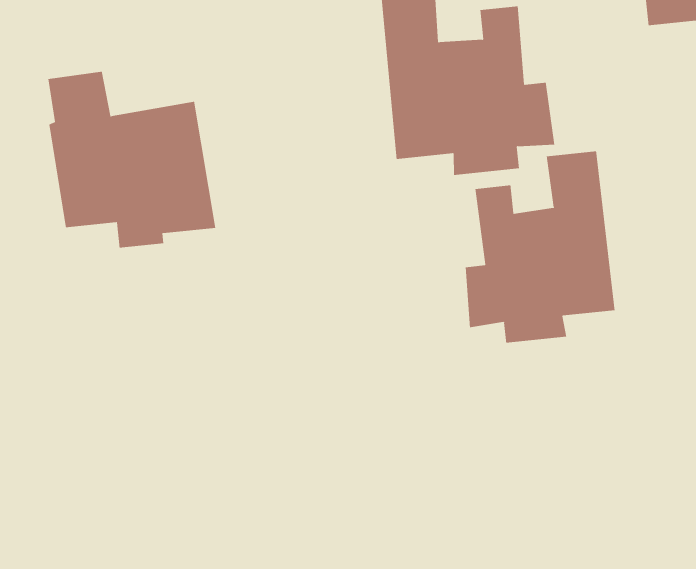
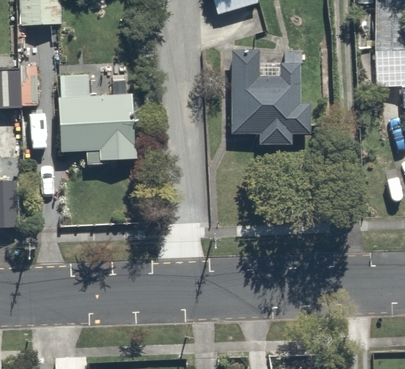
building: [465,151,615,344] -> none

